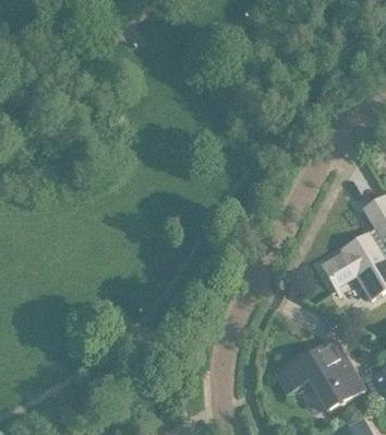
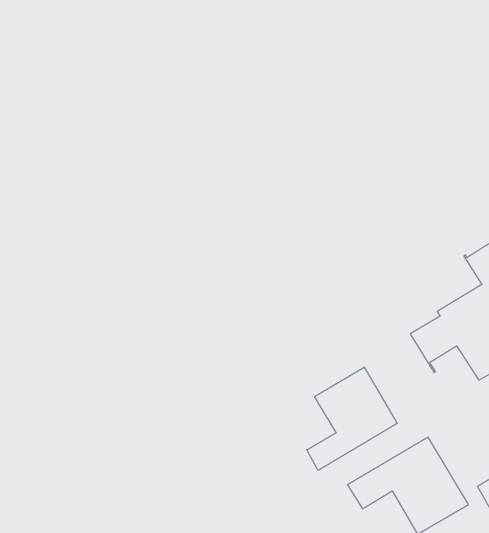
building: none -> [307,367,397,470]

